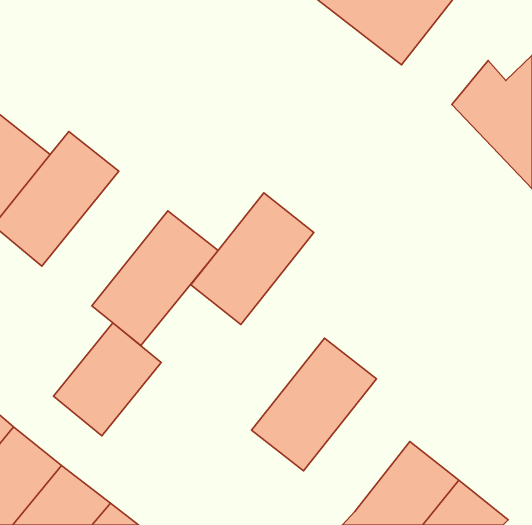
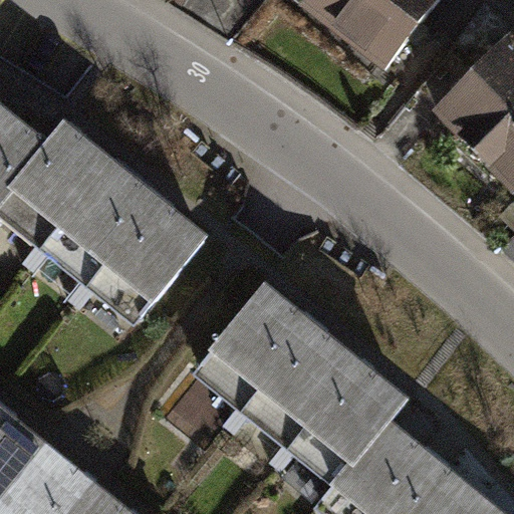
building: none -> [40,165,162,294]
building: [191,193,314,324] -> [194,287,312,414]
building: [54,323,161,436] -> none
building: none -> [292,364,412,492]

